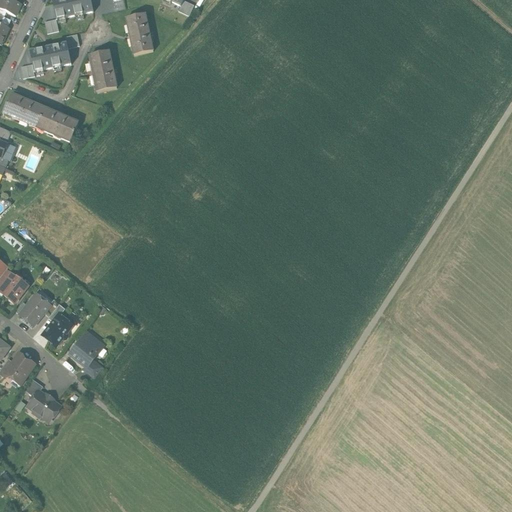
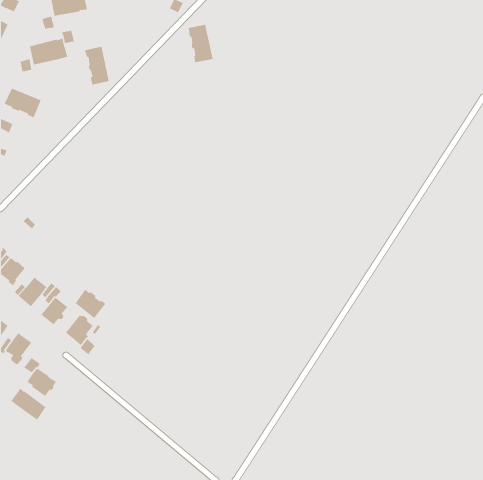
building: [125,12,152,53] -> [188,24,213,63]
building: [37,106,78,139] -> none
building: none -> [75,289,106,319]
building: none -> [10,388,46,420]

